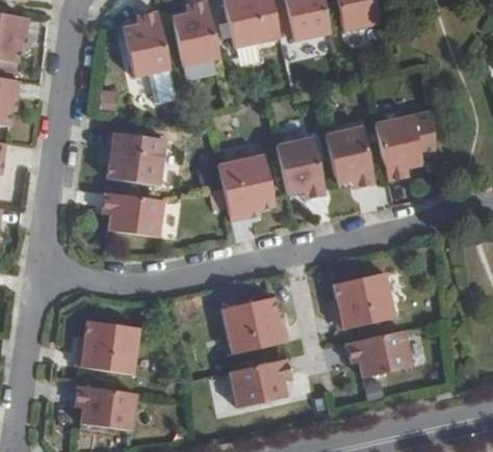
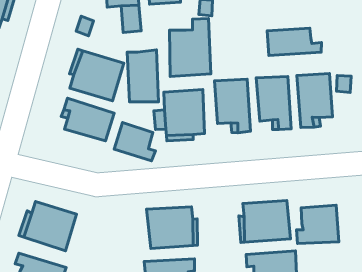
building: none -> [267,28,321,55]
building: none -> [170,18,211,77]
building: none -> [127,50,159,102]
building: none -> [114,122,155,161]
building: none -> [297,205,339,243]

